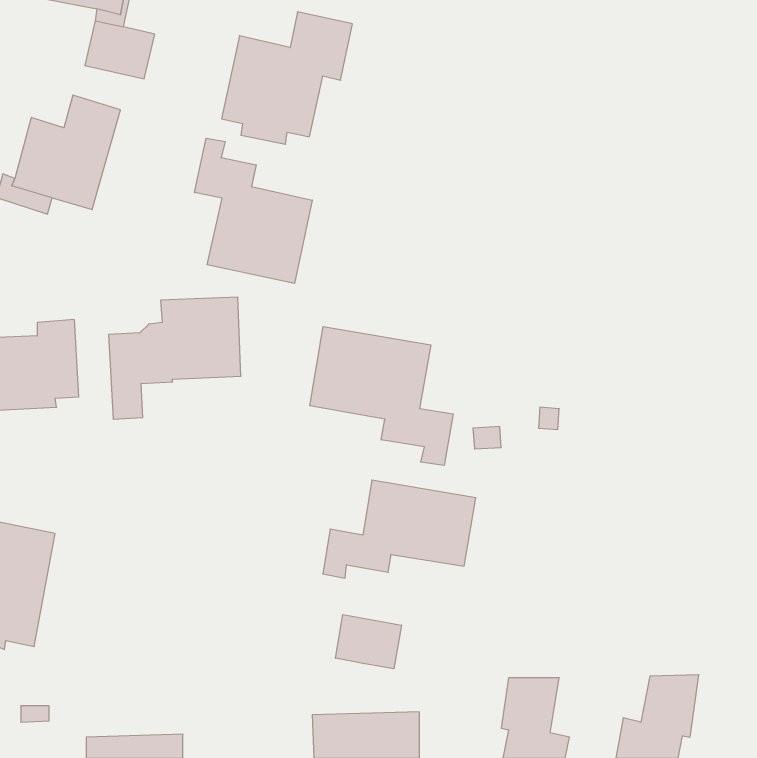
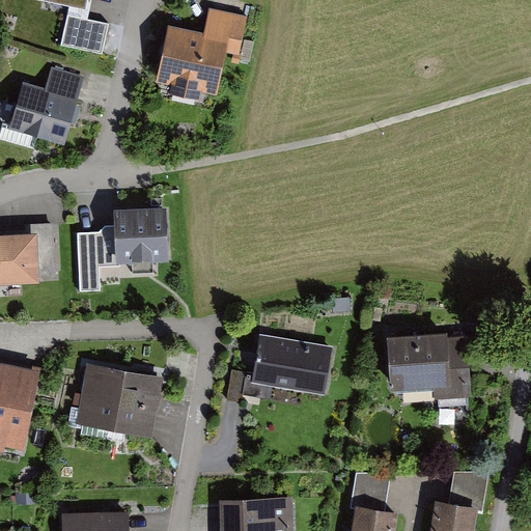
building: [194,138,312,283] -> none
building: [310,327,453,465] -> none
building: none -> [387,334,471,400]
building: none -> [75,364,163,439]
building: [335,615,401,669] -> none

